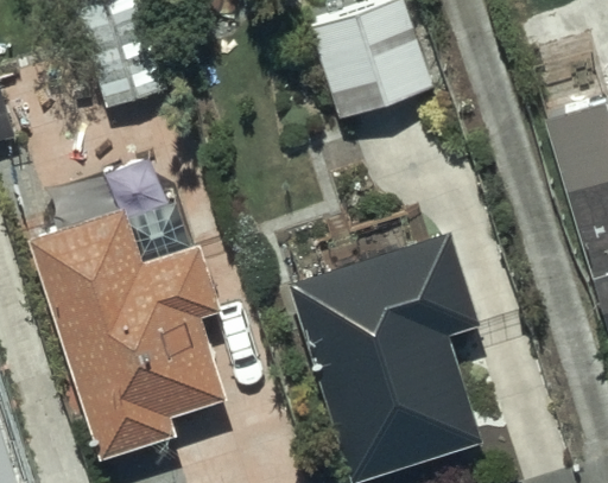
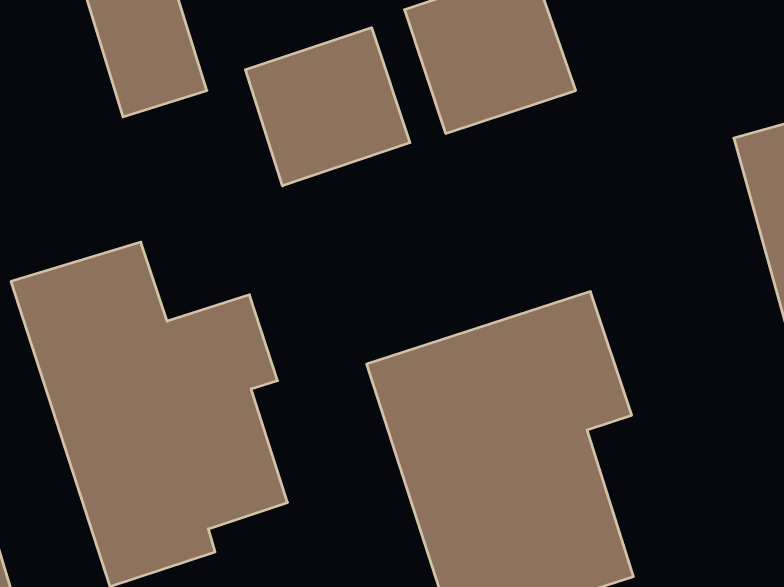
building: none -> [245,28,410,186]

